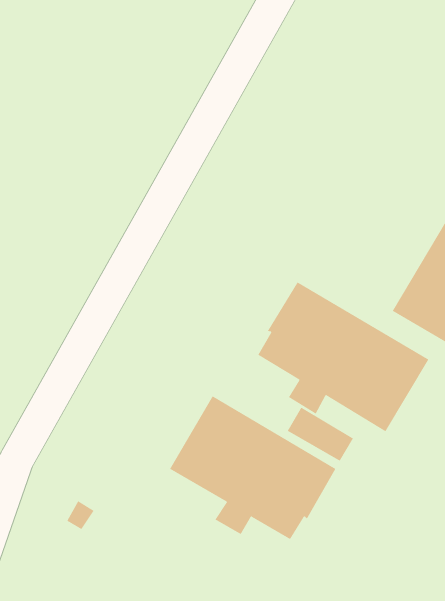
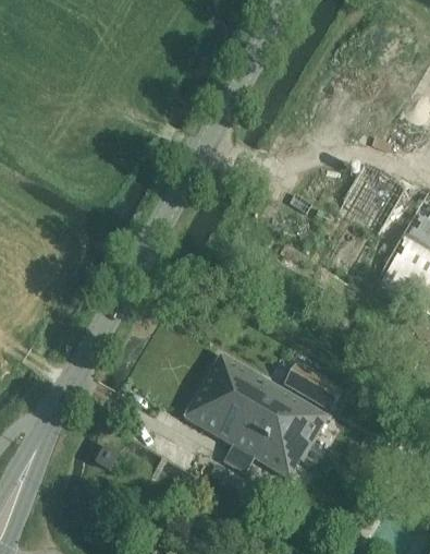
building: [258,281,429,432] -> none

